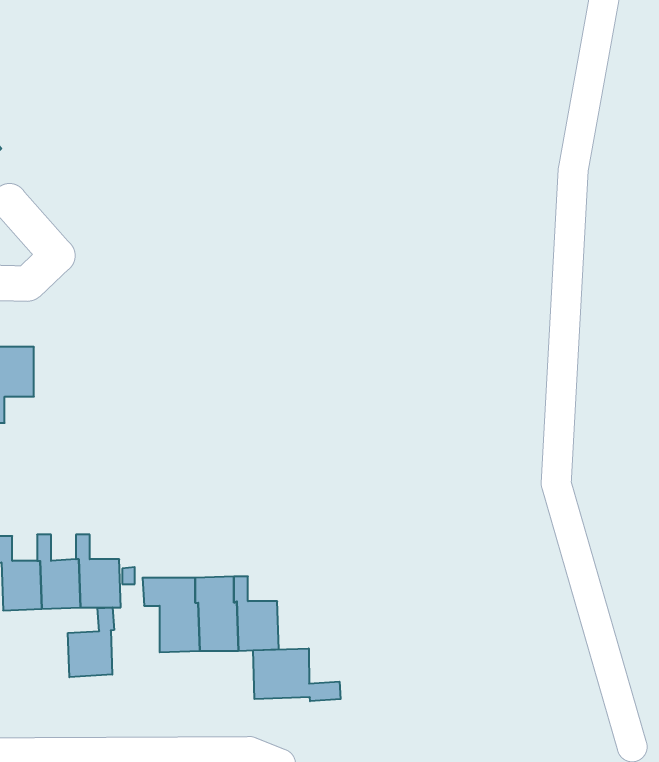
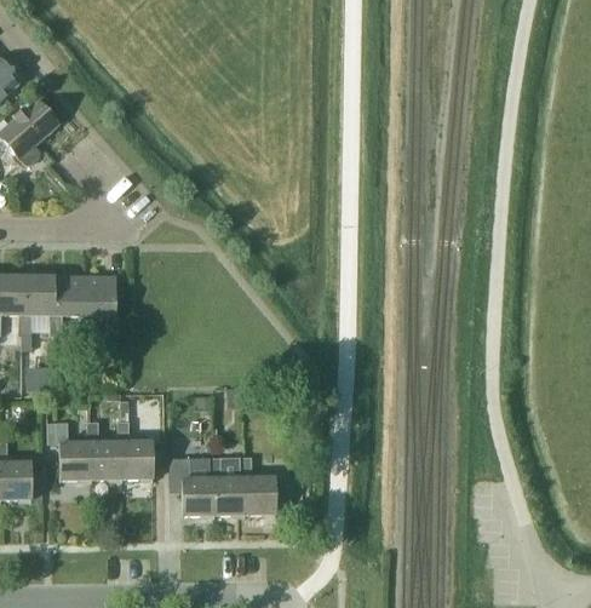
building: none -> [84,275,117,335]
building: [68,607,114,677] -> none
building: [253,648,341,701] -> none

